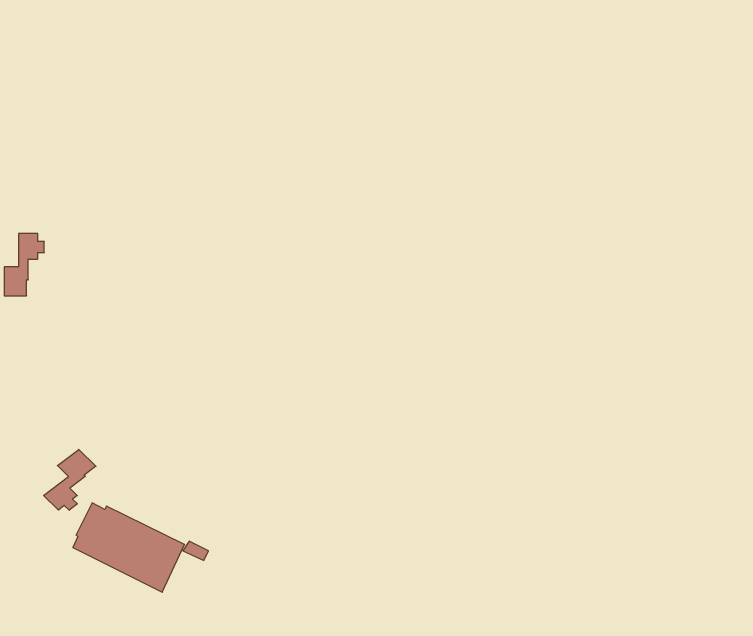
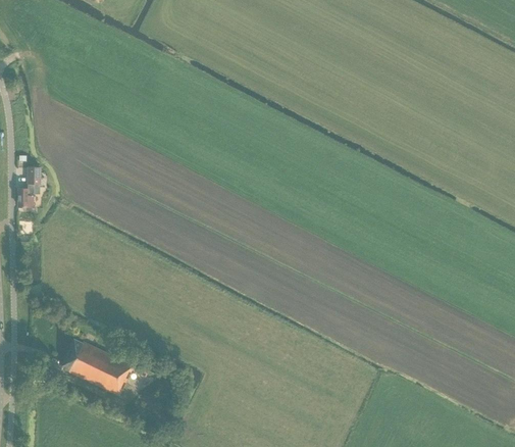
building: [44,449,96,510] -> none

